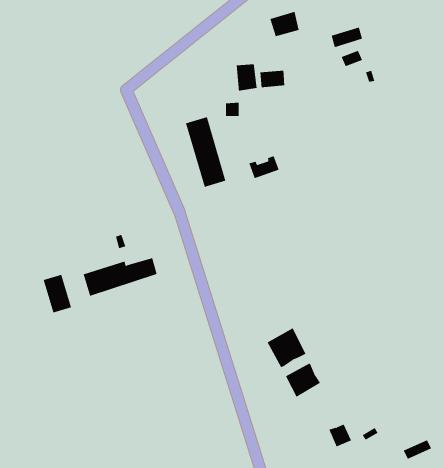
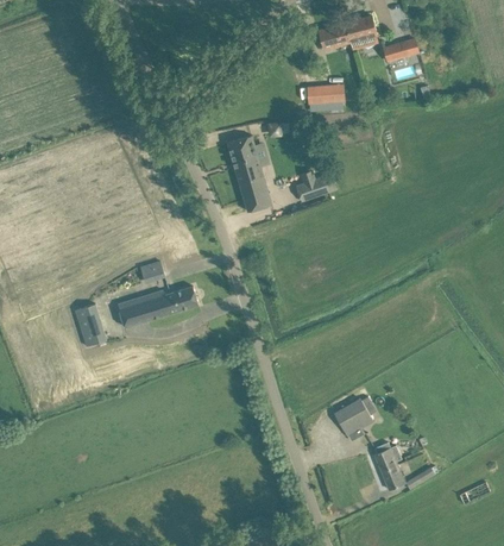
building: none -> [345,14,377,42]
building: [236,63,257,91] -> none
building: [267,328,306,368] -> none
building: none -> [373,441,401,470]

